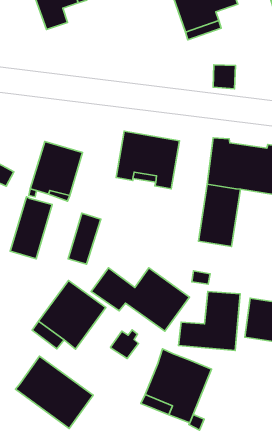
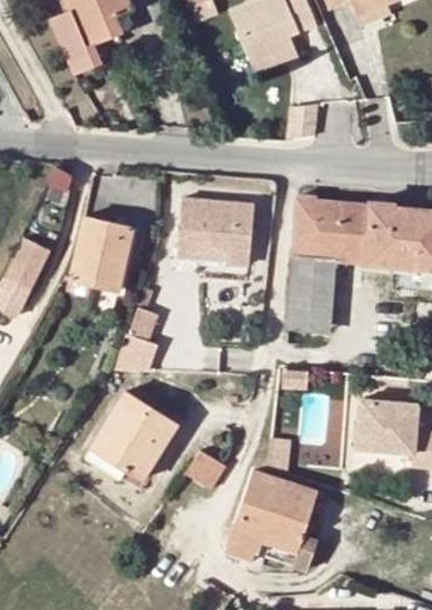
building: [10,197,52,259] -> none
building: [91,268,190,331] -> none
building: [15,356,93,428] -> none

